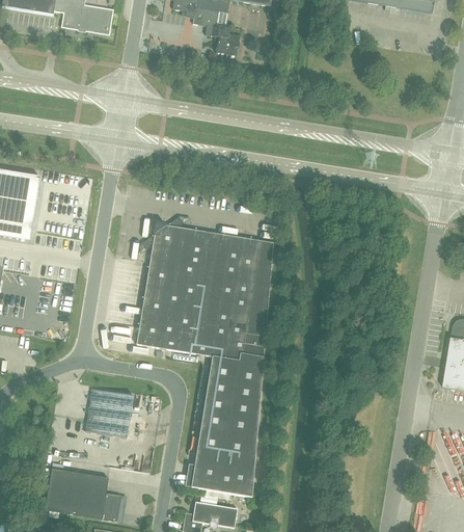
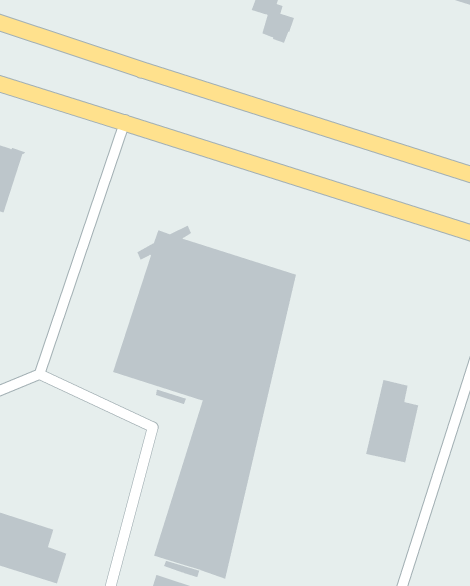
building: none -> [366,379,419,463]
building: [85,389,134,437] -> none

